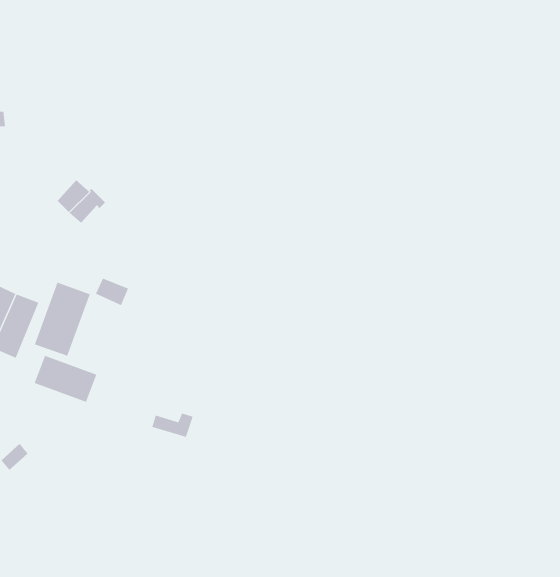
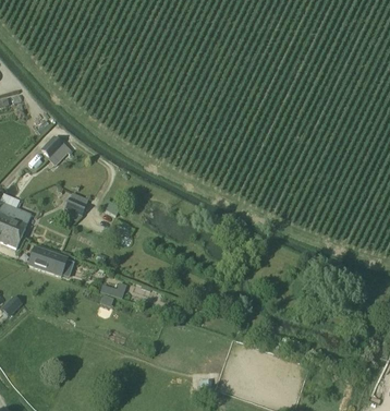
building: [34,282,90,357] -> none

